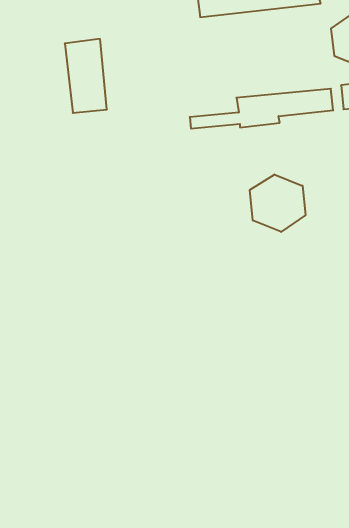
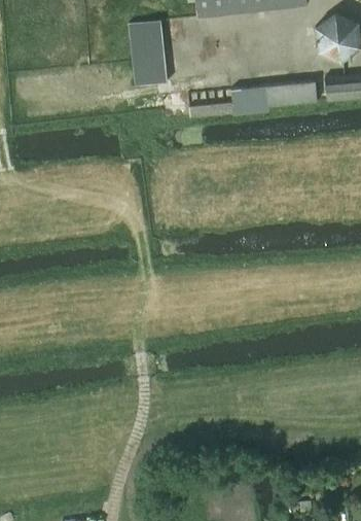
building: [65,39,107,113] -> [130,19,168,85]
building: [250,174,305,232] -> none

